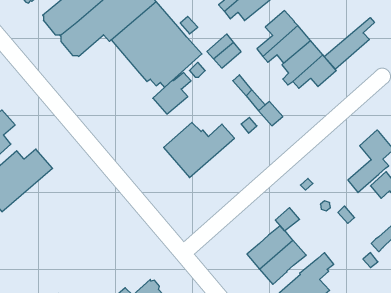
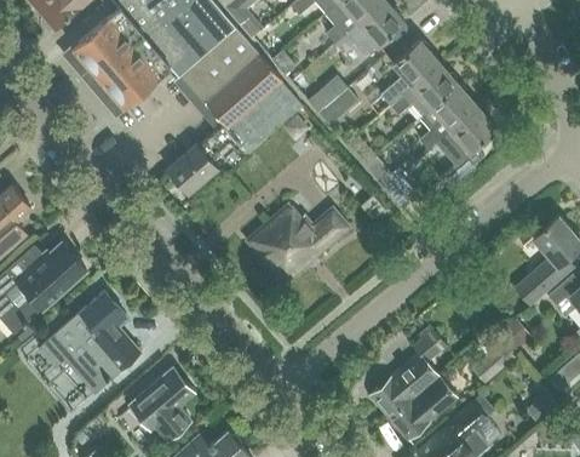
building: [324,18,374,69] -> none
building: [153,72,191,114] -> [167,132,223,193]
building: none -> [40,291,140,392]
building: none -> [470,342,512,382]
building: none -> [131,369,194,440]

